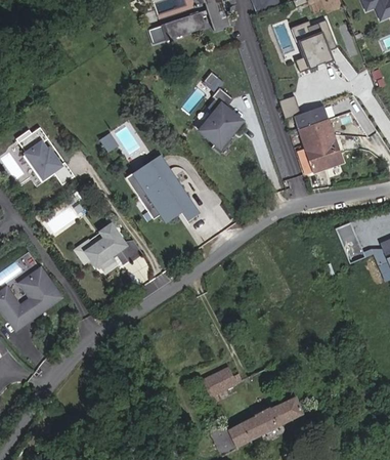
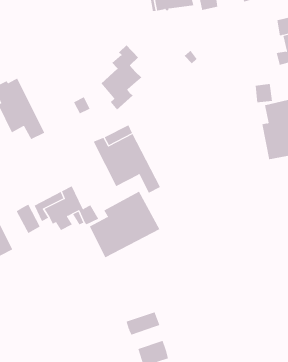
building: [200,84,241,152] -> [100,45,142,110]
building: none -> [89,191,160,258]
building: none -> [16,204,40,234]
building: none -> [126,312,160,335]

